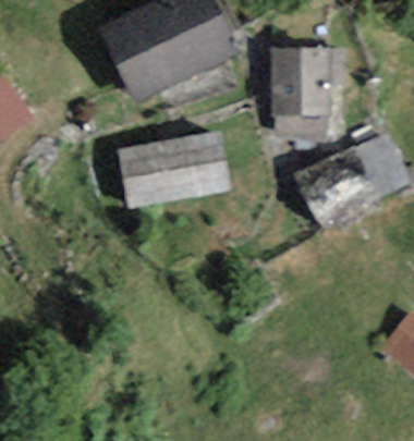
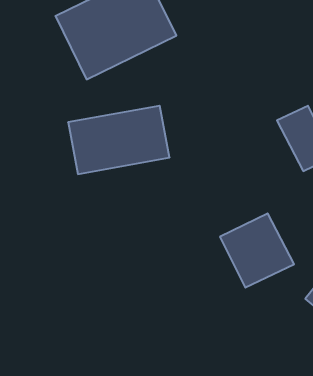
building: [271,51,328,135] -> none
building: [296,147,379,230] -> [220,213,294,288]

